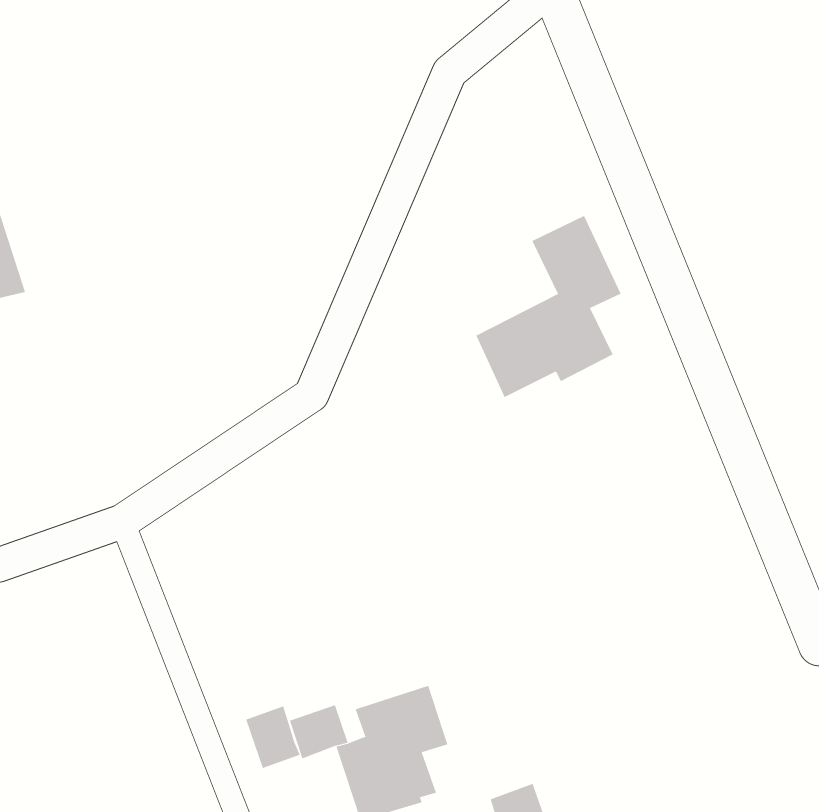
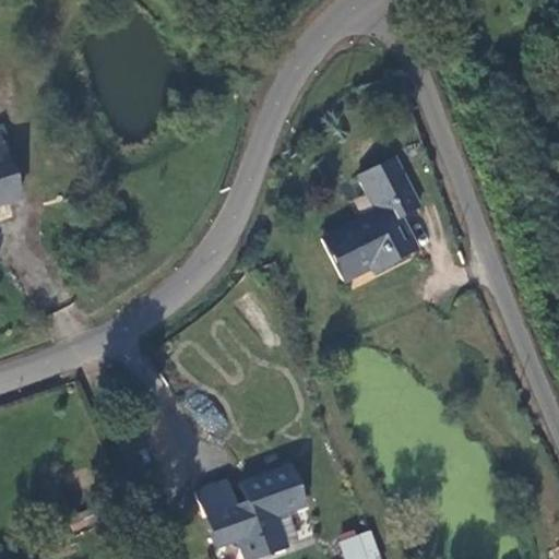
building: [245,705,301,769] -> none

